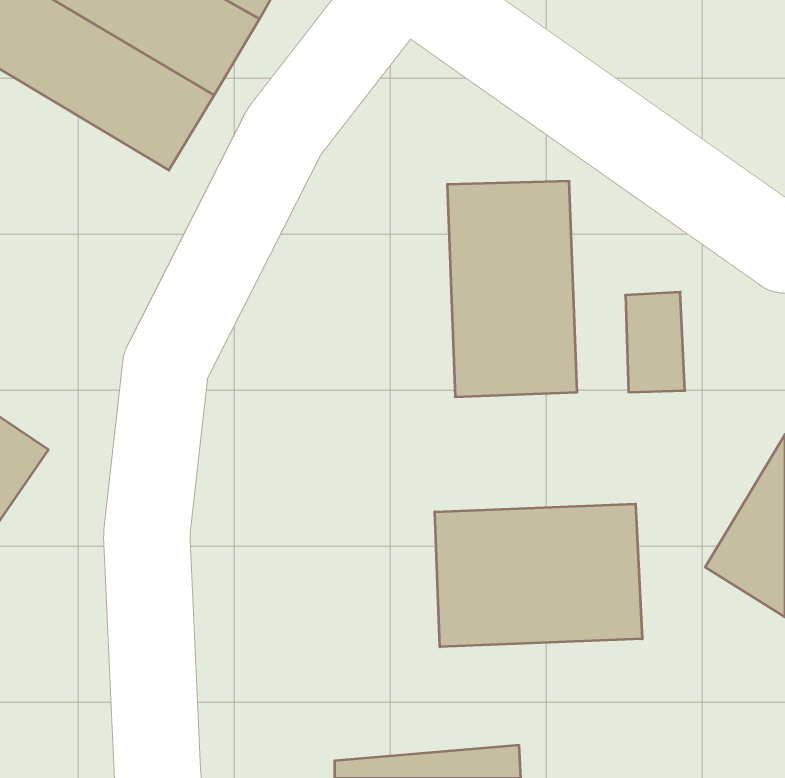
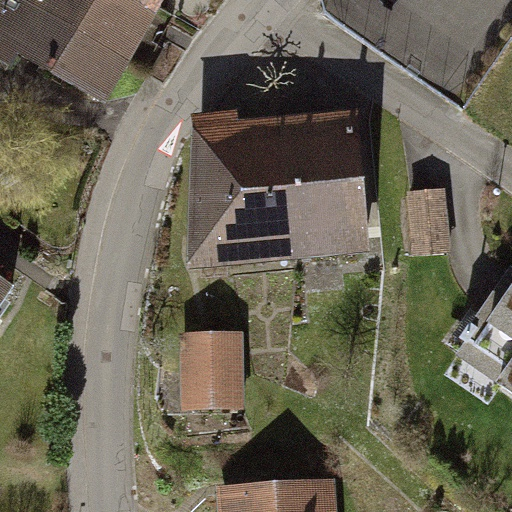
building: none -> [190,118,291,257]
building: [435,504,642,647] -> none
building: none -> [174,333,239,411]

